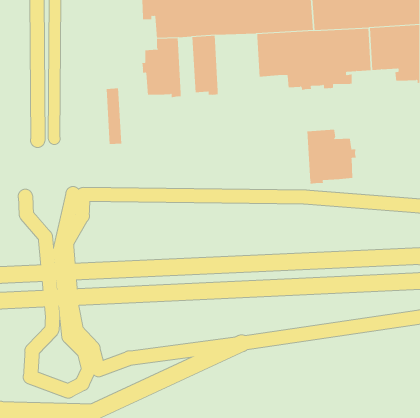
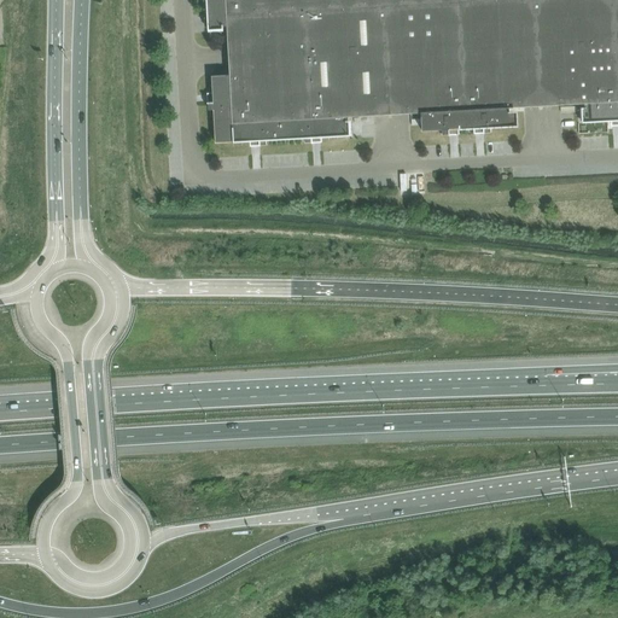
building: none -> [316,49,380,134]
building: [106,88,122,145] -> [262,54,286,138]
building: [307,129,357,185] -> none

